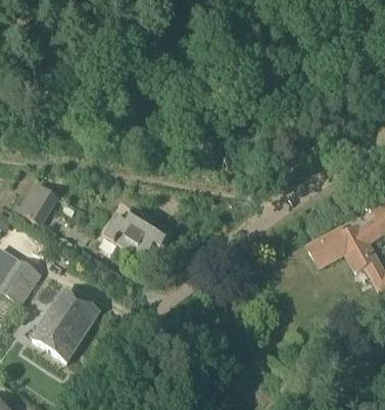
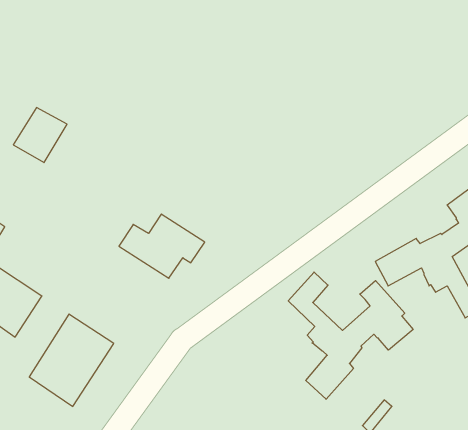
building: [15,181,58,225] -> [13,108,67,163]
building: none -> [288,272,413,399]

